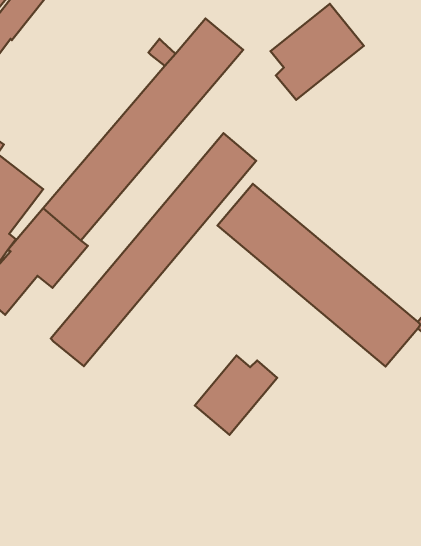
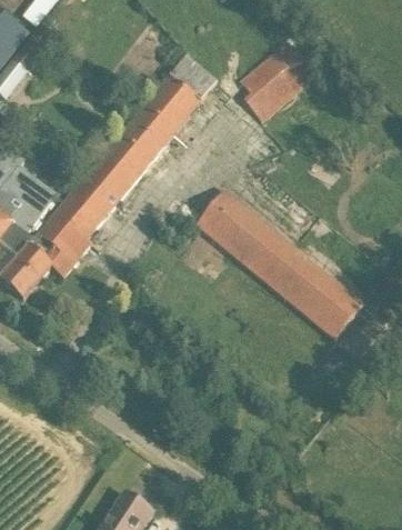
building: [51,133,256,366] -> none
building: [195,355,277,435] -> none

